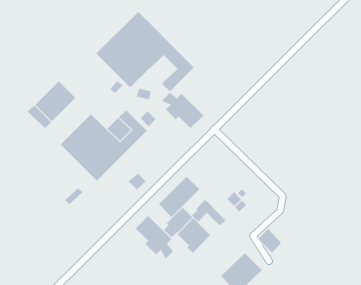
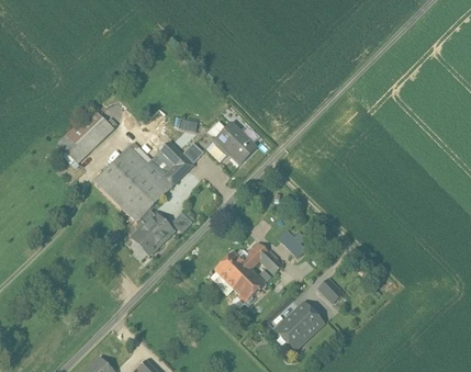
building: [95,11,195,92] -> none
building: none -> [131,210,173,255]
building: [158,176,200,218] -> none
building: [135,215,174,260] -> none

